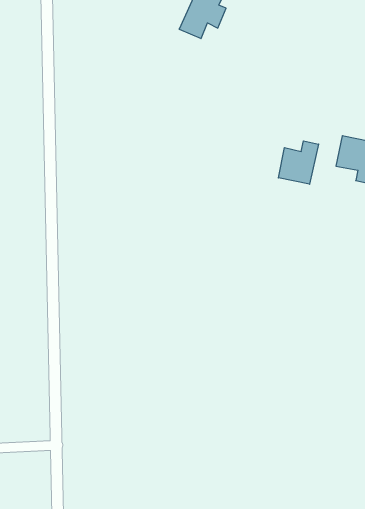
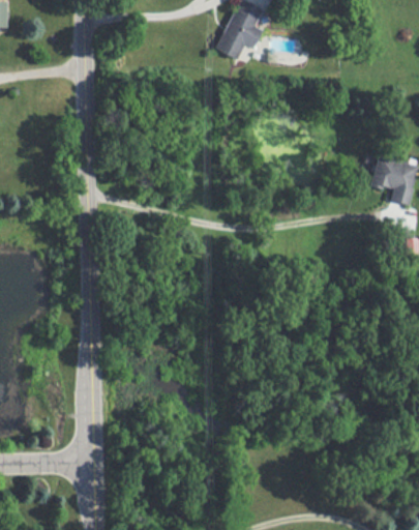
building: [278,141,319,184] -> none

